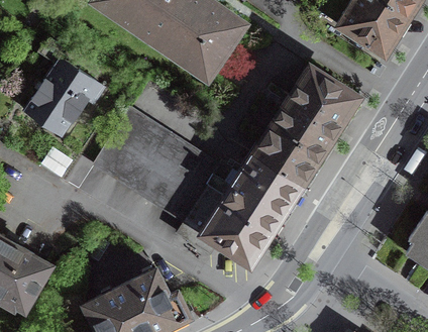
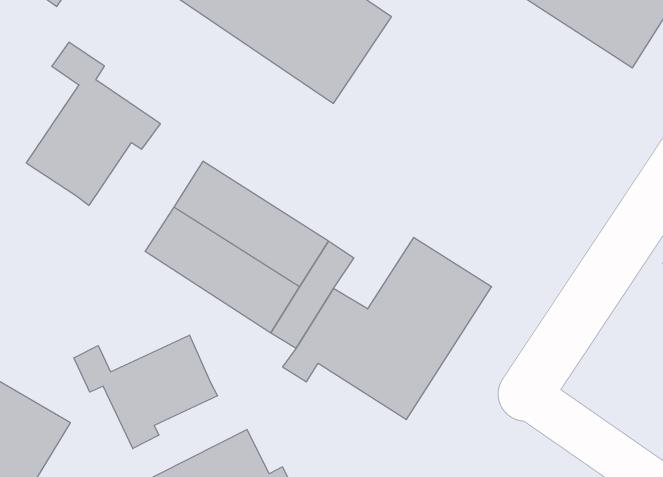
building: [255,68,357,185] -> none
building: none -> [74,335,218,449]

